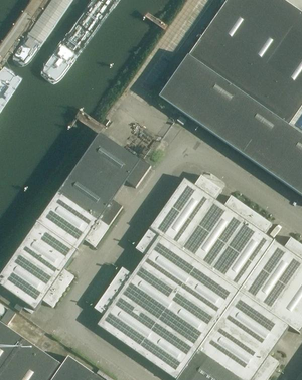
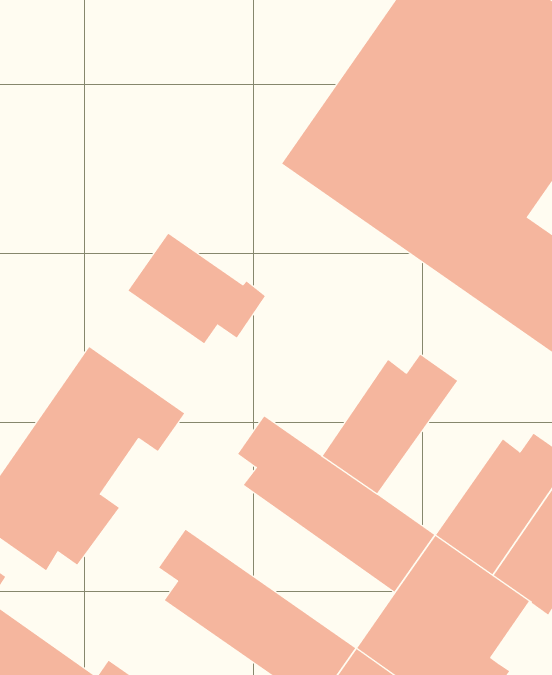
building: [58,162,123,226] -> none
building: [150,174,222,248] -> none
building: [209,209,275,290] -> none
building: [109,263,218,349] -> none

